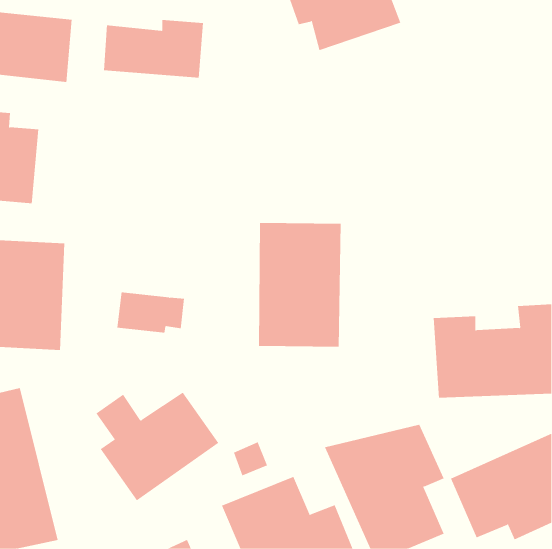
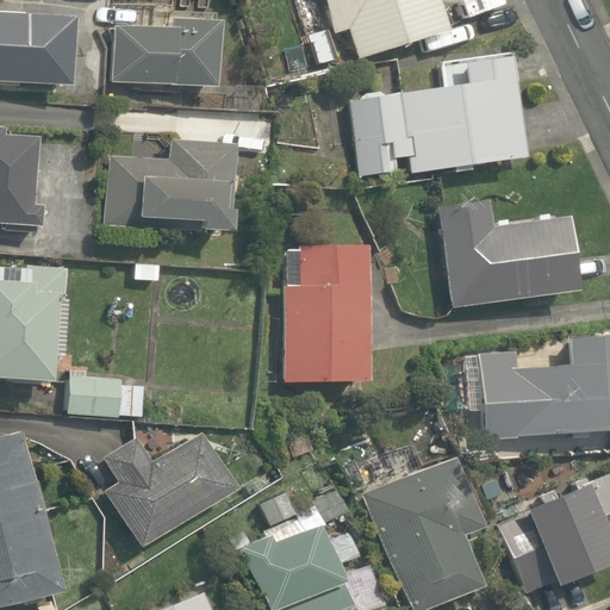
building: none -> [337,54,525,169]
building: none -> [102,141,238,230]
building: none -> [437,203,585,307]
building: [116,292,185,333] -> [67,373,142,418]

